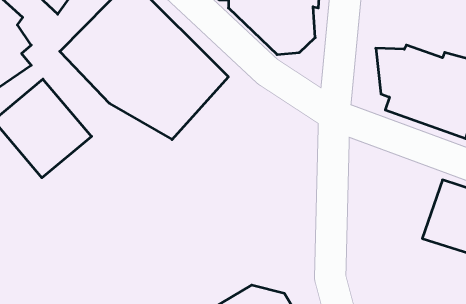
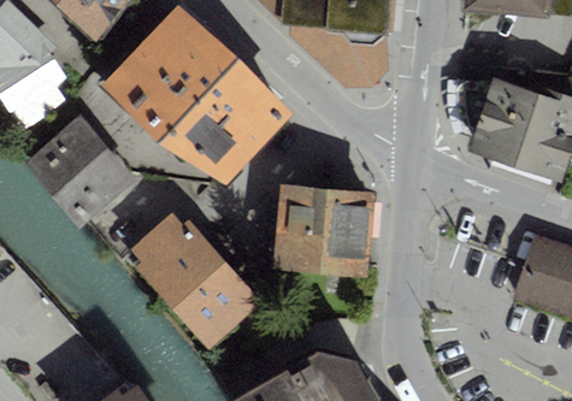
building: none -> [273,184,373,278]
building: none -> [129,212,259,348]

